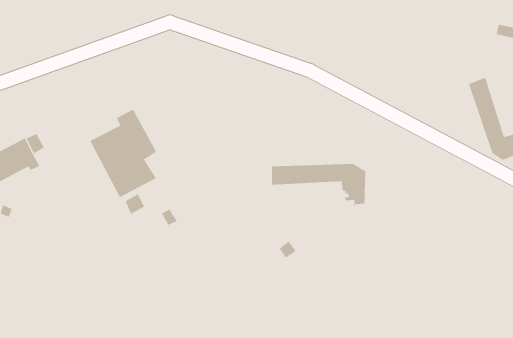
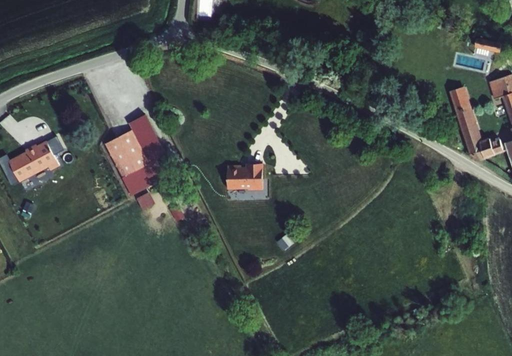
building: none -> [227,163,263,191]
building: [272,163,366,207] -> none

